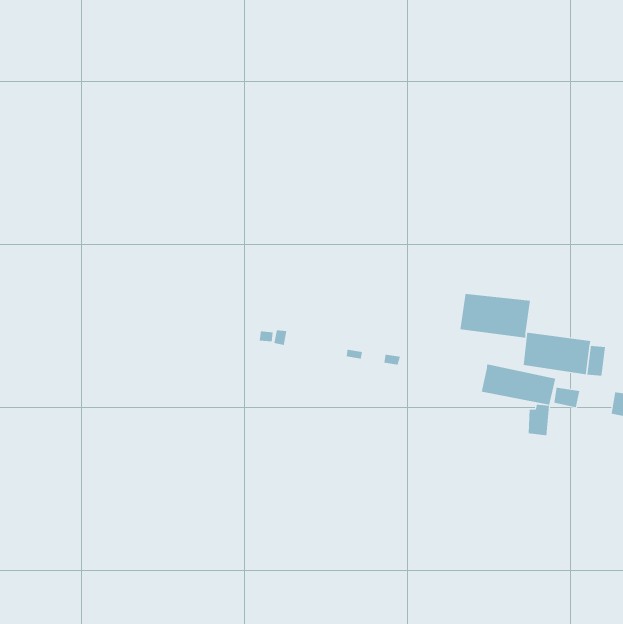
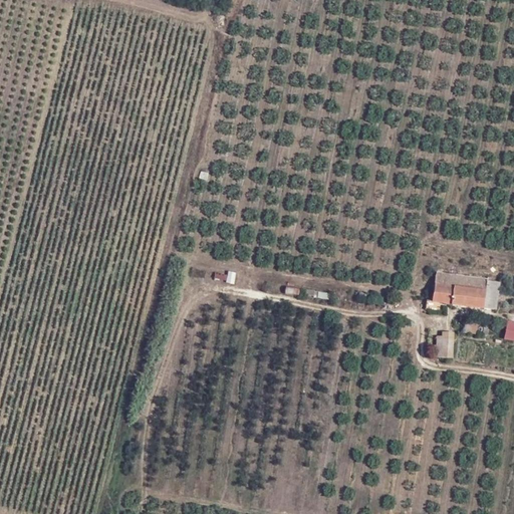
building: [460,293,530,339] -> none
building: [481,363,556,405] -> none

